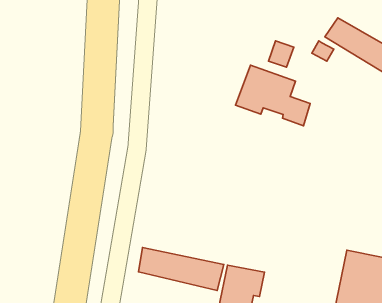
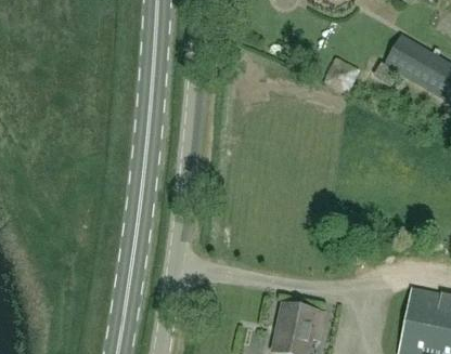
building: [236,65,310,126] -> none
building: [139,247,224,291] -> none

